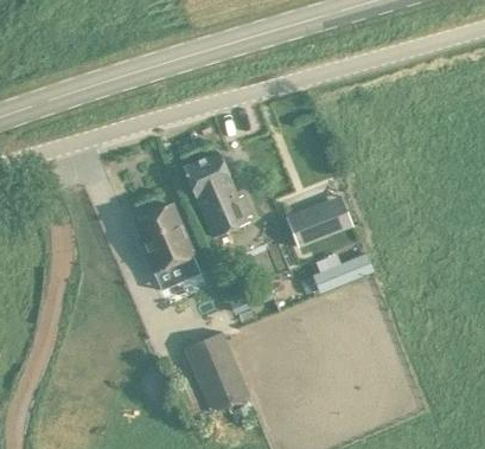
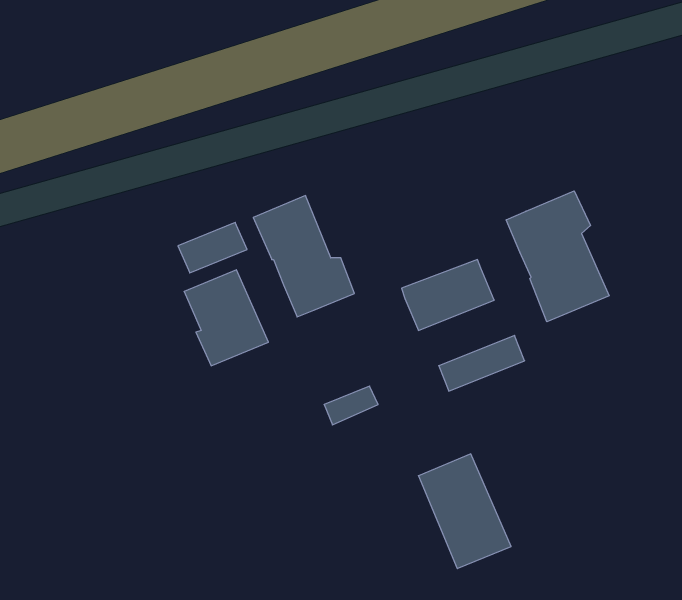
building: none -> [506,191,609,322]
building: [153,255,202,290] -> [178,222,247,273]
building: [185,332,250,412] -> [418,454,511,569]

